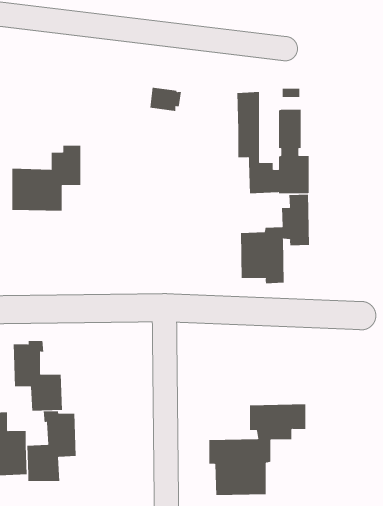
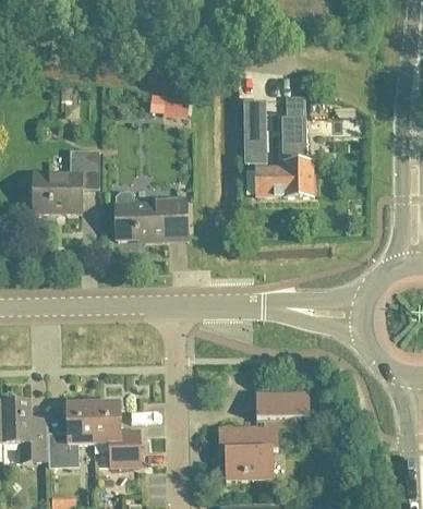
building: none -> [114,191,186,241]
building: [241,194,309,284] -> none
building: [13,340,63,411] -> [93,399,140,465]

